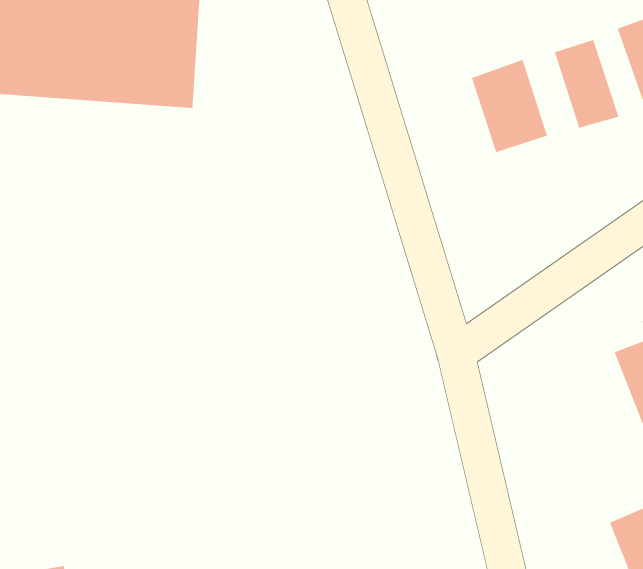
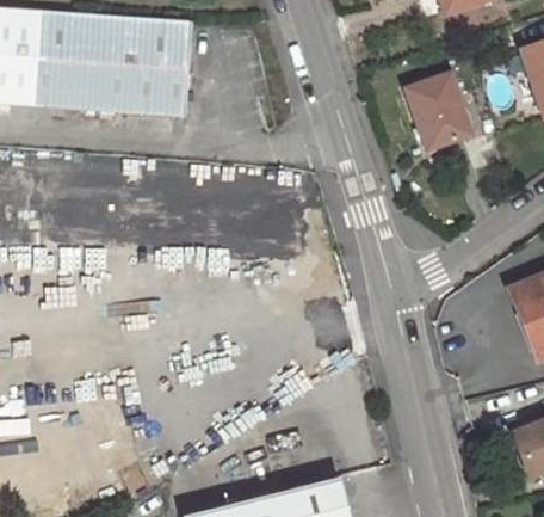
building: [554,39,619,129] -> none

